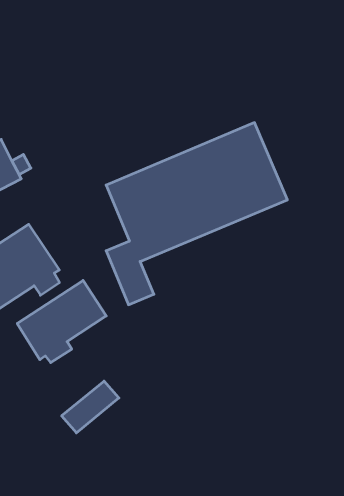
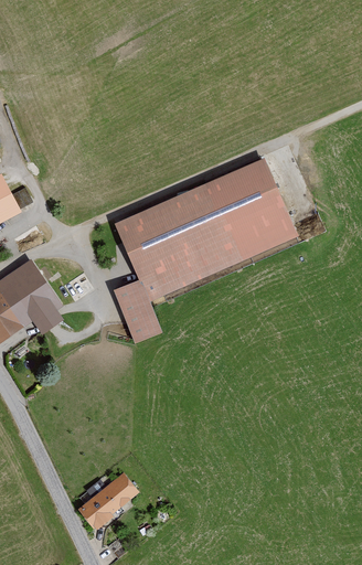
building: [17,280,106,363] -> none
building: [62,381,119,433] -> [79,473,139,527]

